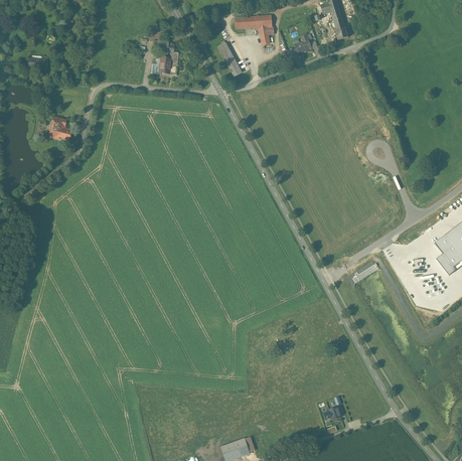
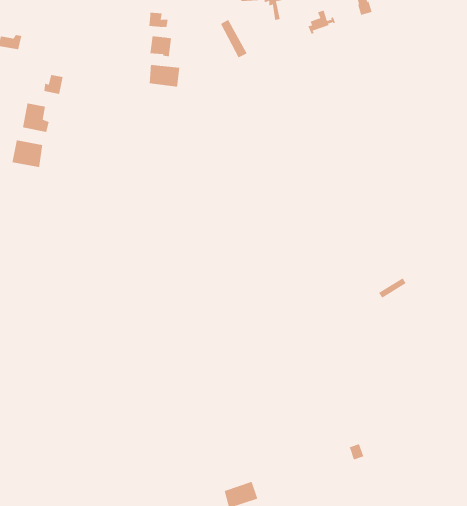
building: none -> [149,64,180,87]
building: none -> [12,139,43,168]

